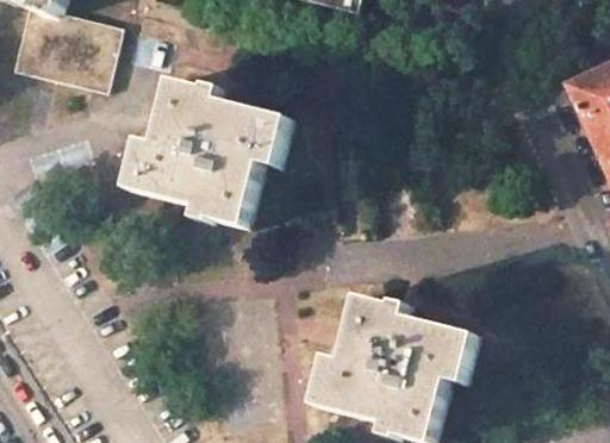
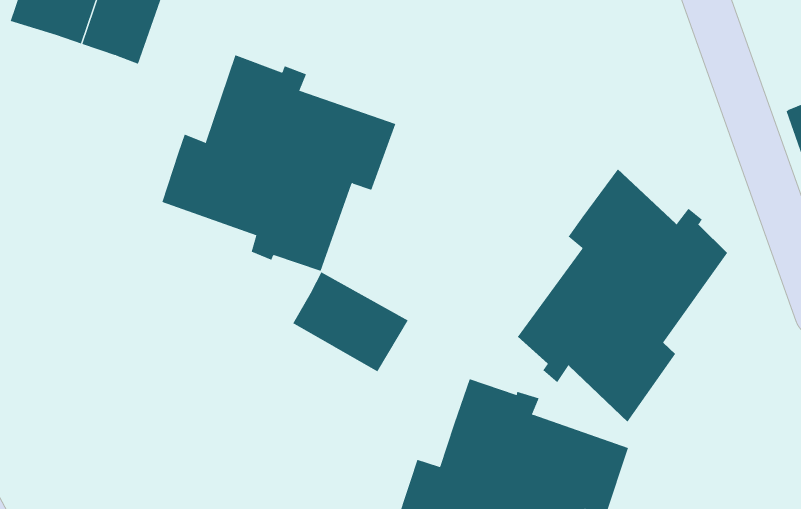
building: none -> [517,168,728,422]
building: none -> [292,272,409,372]

